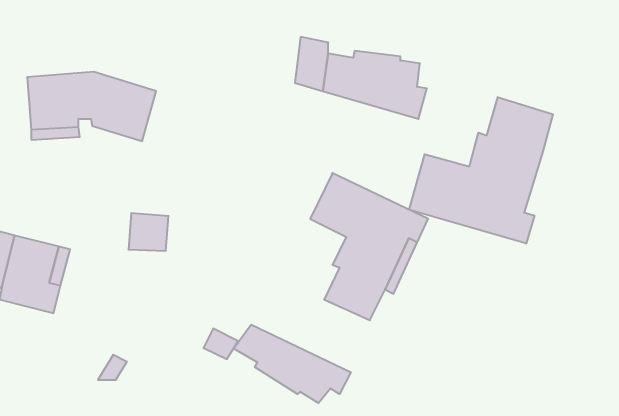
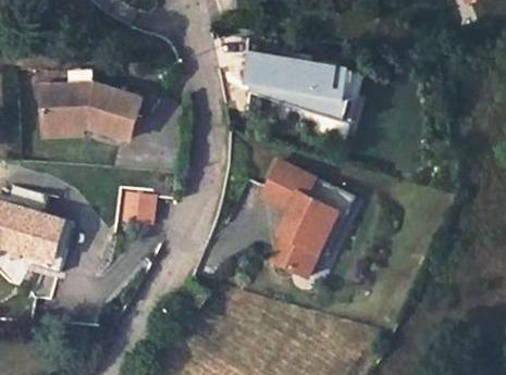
building: [409,97,553,244] -> none
building: [234,325,351,403] -> none

